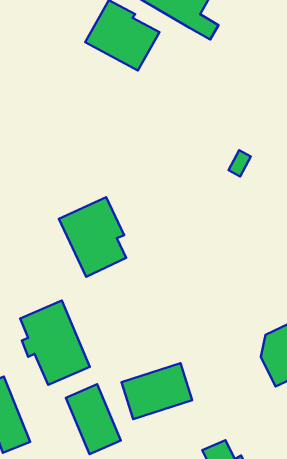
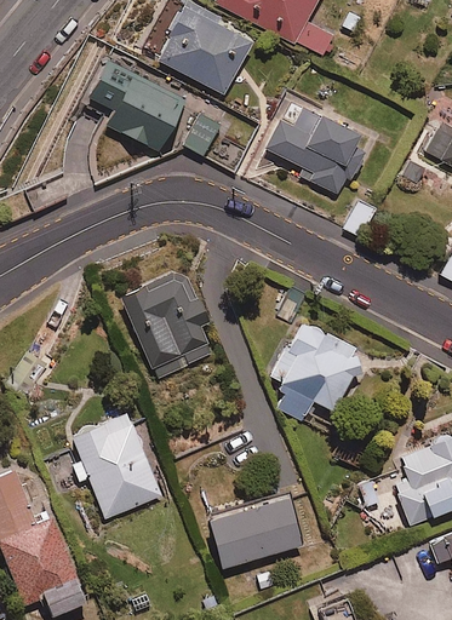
building: none -> [91,63,224,160]
building: none -> [268,110,373,195]
building: none -> [275,322,364,421]
building: [66,384,121,454] -> none

